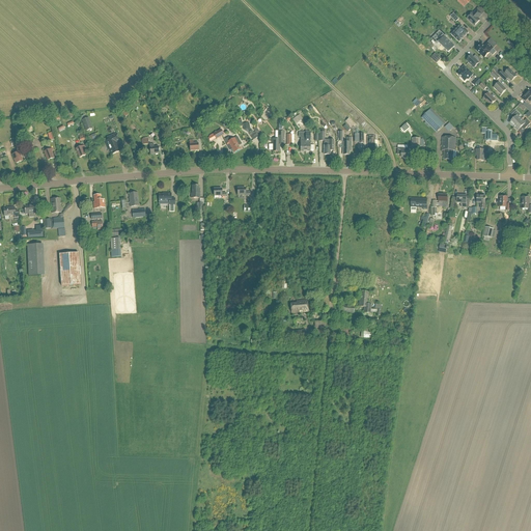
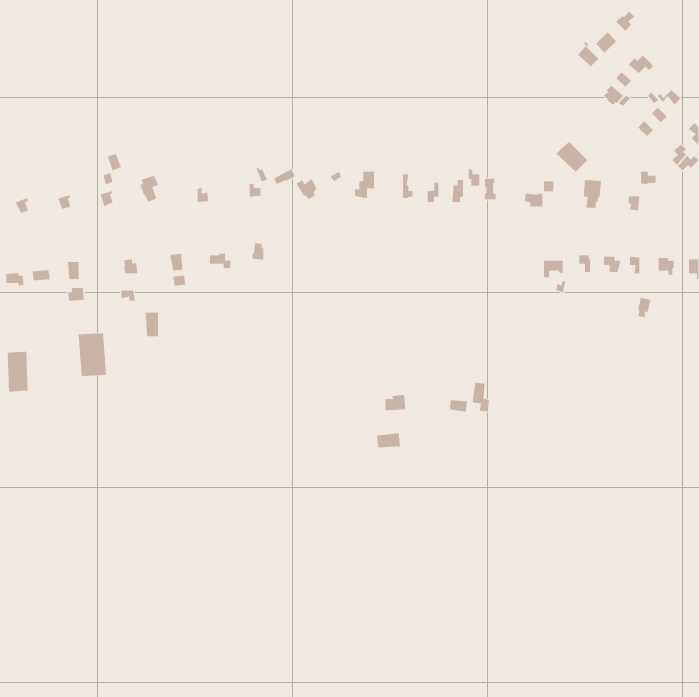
building: [28,243,45,274] -> [7,351,29,392]

